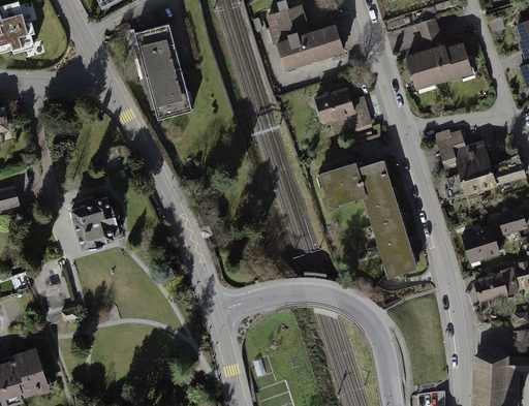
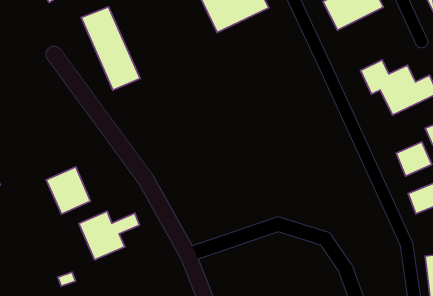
building: [314,87,372,133] -> none
building: [321,160,418,278] -> none
building: none -> [79,211,139,260]

